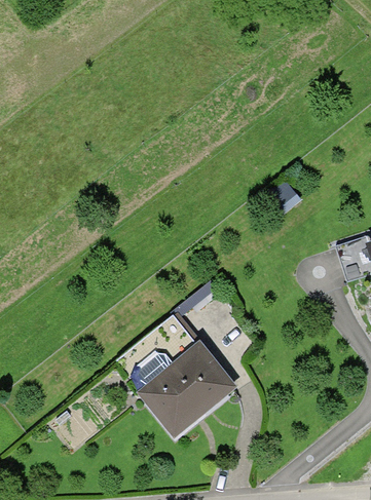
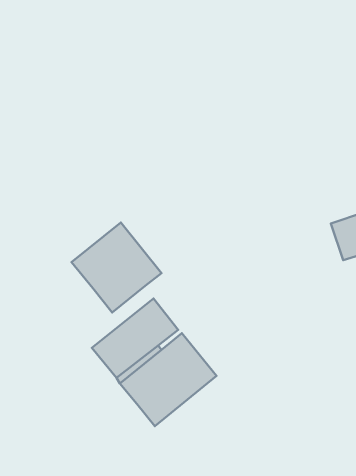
building: none -> [72,223,162,313]

